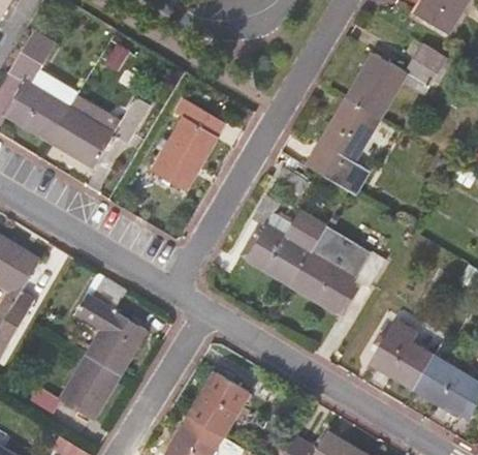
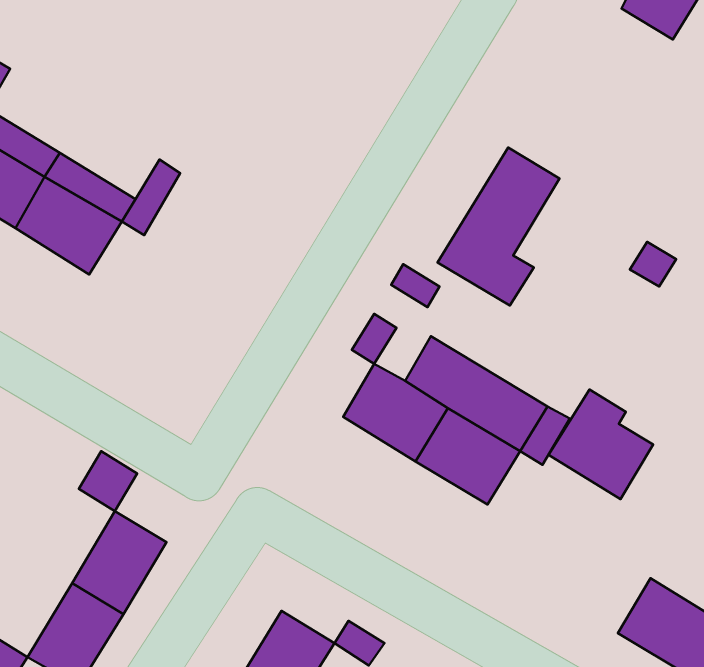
building: [349,41,447,114] -> none
building: [135,109,218,200] -> none
building: [372,322,435,388] -> [548,390,653,499]

